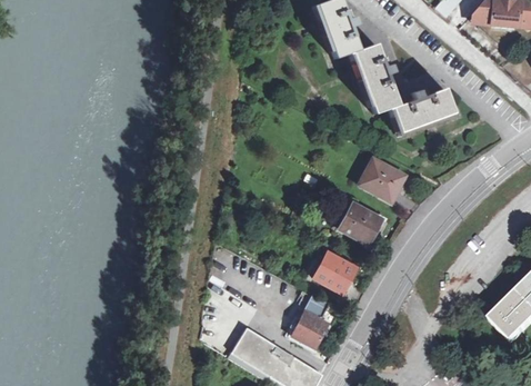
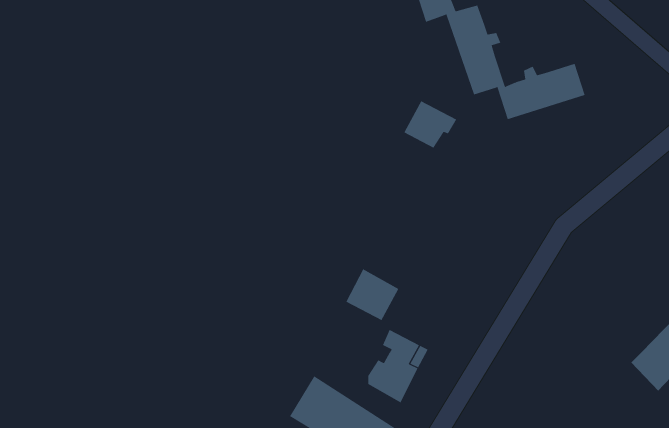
building: [363,158,404,195] -> [403,101,457,149]
building: [339,201,375,241] -> none
building: [314,251,355,291] -> [345,269,399,321]

